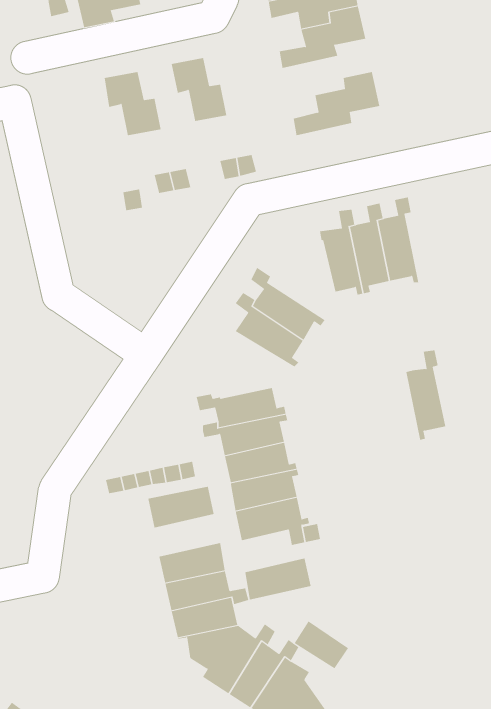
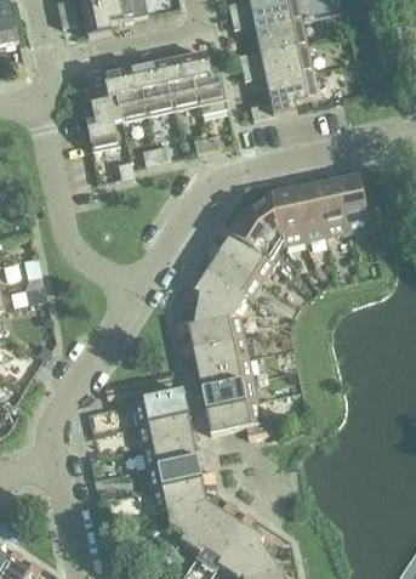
building: none -> [241,45,312,89]
building: none -> [181,53,227,113]
building: none -> [130,64,173,115]
building: none -> [84,96,121,151]
building: none -> [230,201,283,263]
building: none -> [193,272,251,324]
building: [406,350,446,441] -> [337,164,369,234]
building: [244,558,312,600] -> [142,414,194,447]
building: [294,621,349,669] -> none

